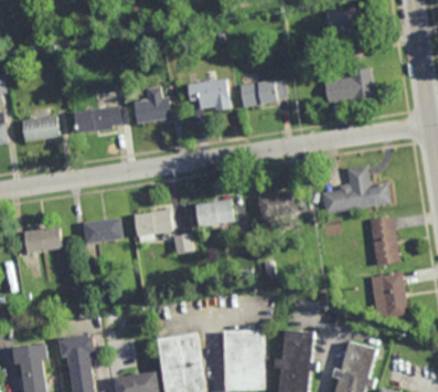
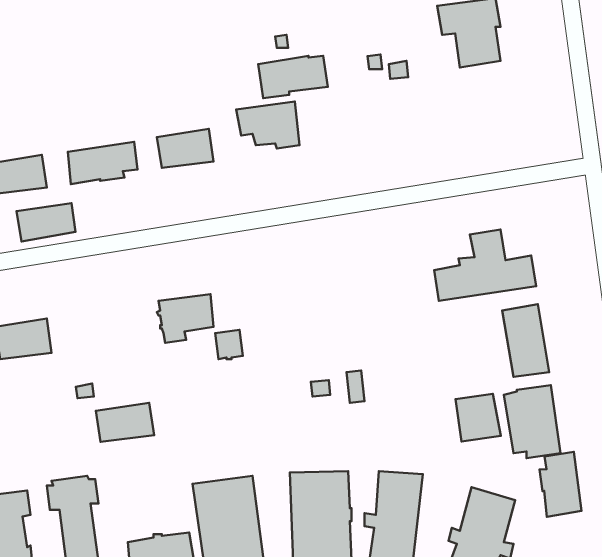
building: [324,66,376,104] -> none
building: [241,78,288,107] -> [258,56,328,98]
building: none -> [17,203,76,241]
building: [258,190,298,225] -> none
building: [196,198,234,226] -> none
building: [83,216,122,243] -> [96,403,154,442]
building: none -> [455,394,501,442]
building: none -> [539,452,581,517]

